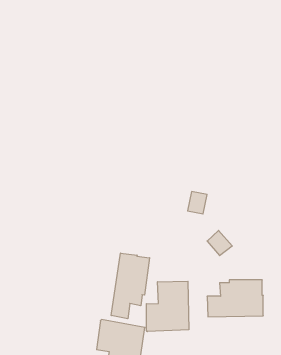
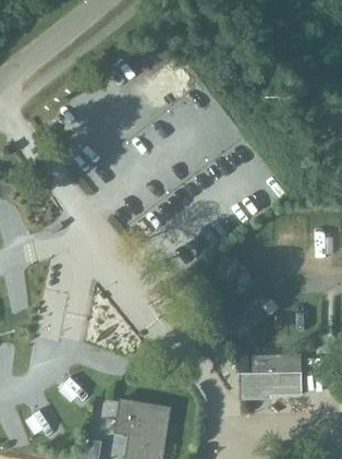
building: [111,253,150,319] -> none
building: [146,281,189,332] -> none

